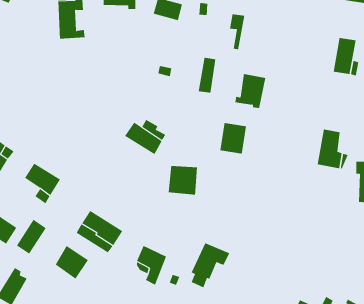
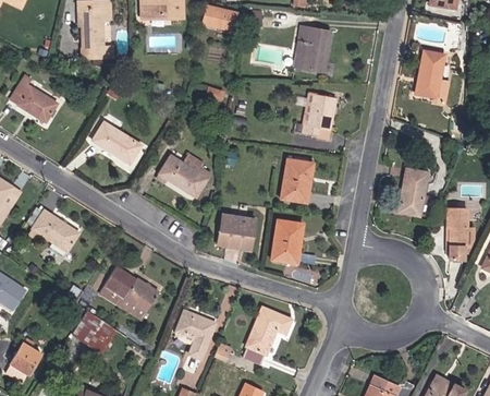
building: none -> [11,72,58,124]
building: [198,57,216,93] -> [303,25,326,70]
building: none -> [91,121,142,165]
building: none -> [269,217,303,260]
building: [16,219,47,255] -> none

